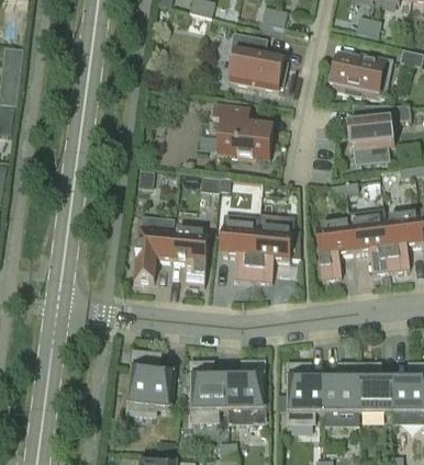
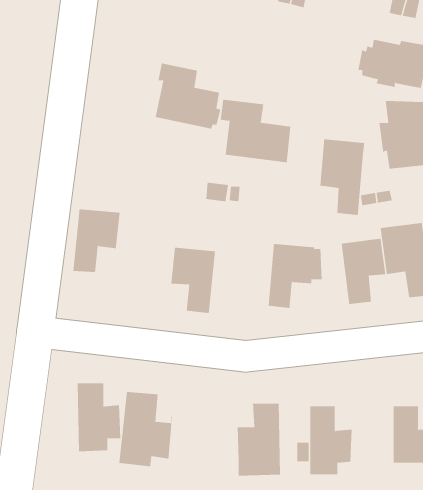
building: [228,33,284,89] -> [155,63,221,129]
building: [220,214,258,279] -> [320,139,365,216]
building: [133,226,174,280] -> [72,209,121,272]
building: [190,362,227,420] -> [77,383,121,452]
building: [323,363,358,411] -> none

